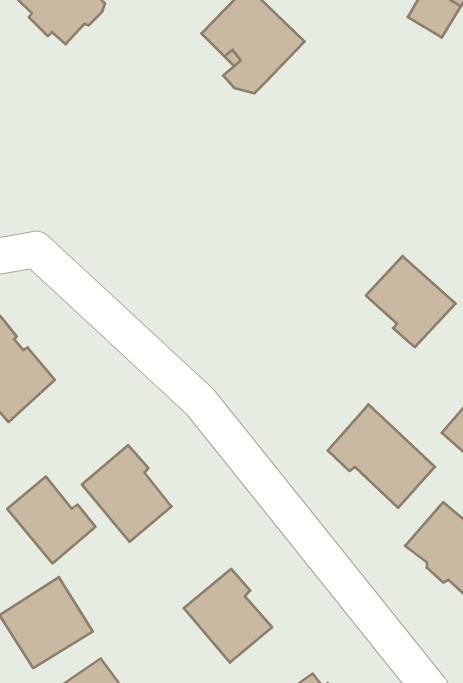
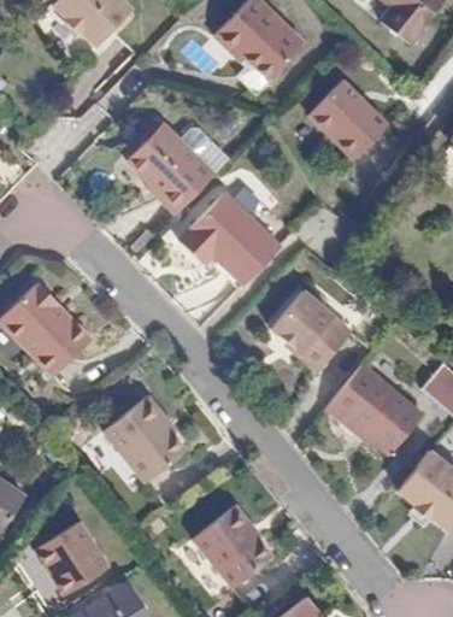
building: none -> [316,76,395,154]
building: none -> [127,124,217,215]
building: none -> [181,193,282,286]
building: [366,256,456,347] -> [271,293,351,374]
building: [7,477,95,563] -> none

